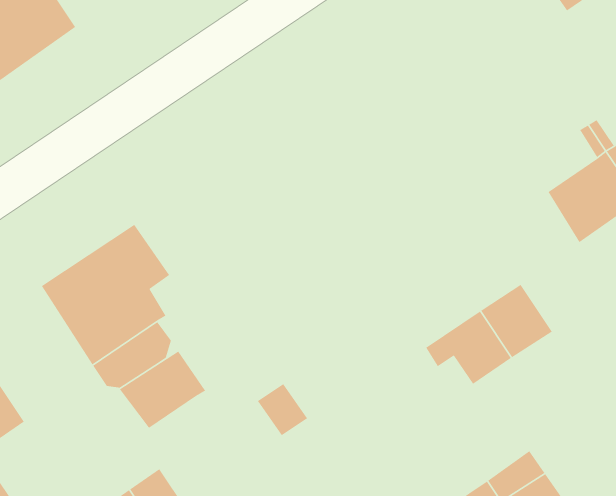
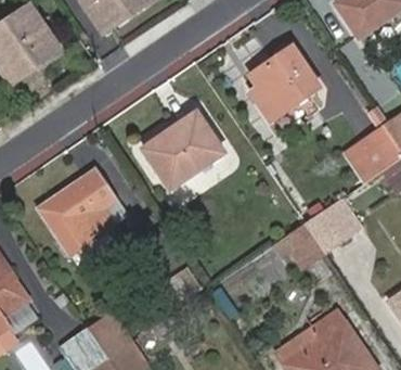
building: none -> [247,44,321,122]
building: none -> [141,110,225,190]
building: [119,350,206,429] -> none

